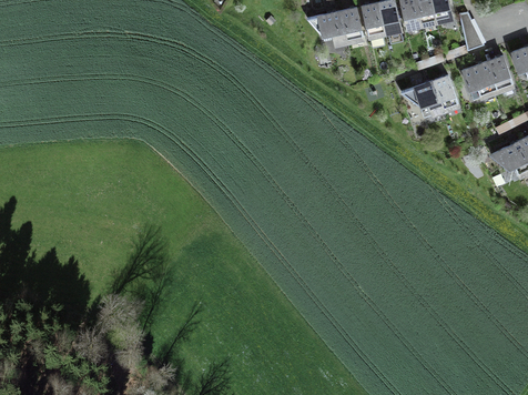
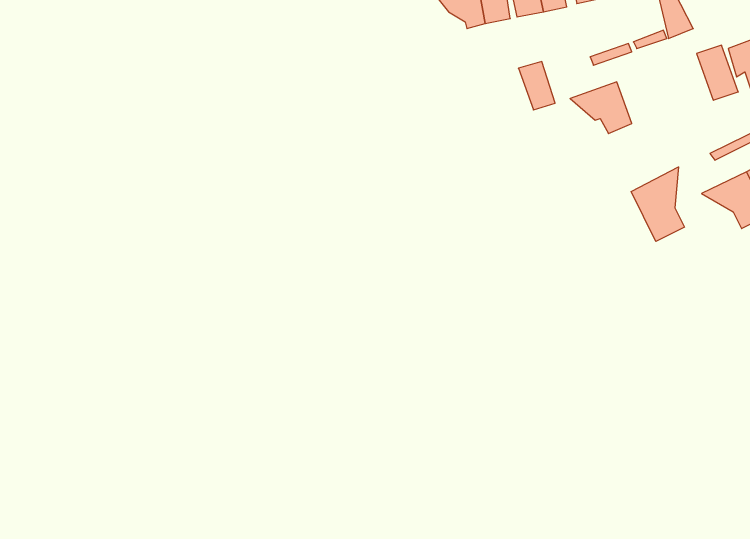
building: [464,59,499,99] -> none
building: [435,73,459,105] -> [518,62,555,110]
building: none -> [631,167,684,241]

